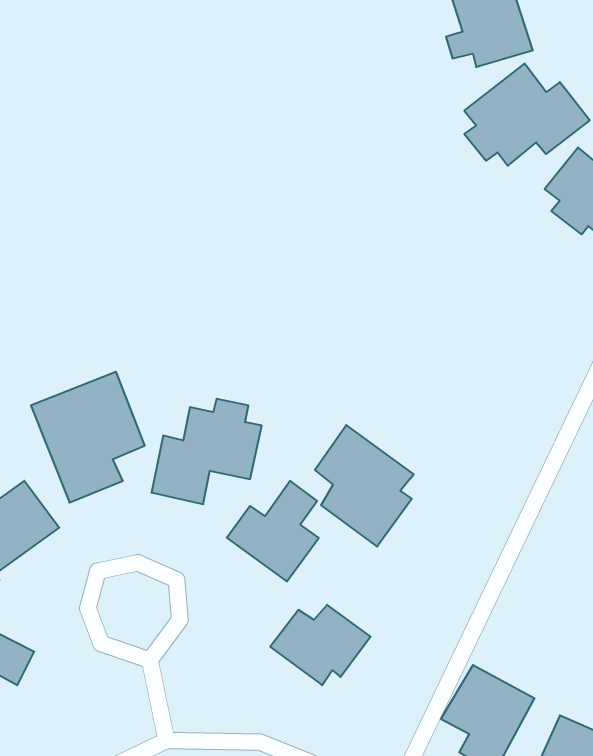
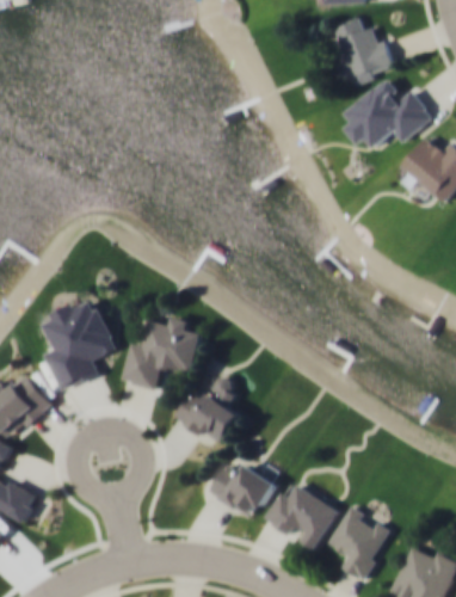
building: [315,425,414,547] -> none
building: none -> [263,482,341,552]

